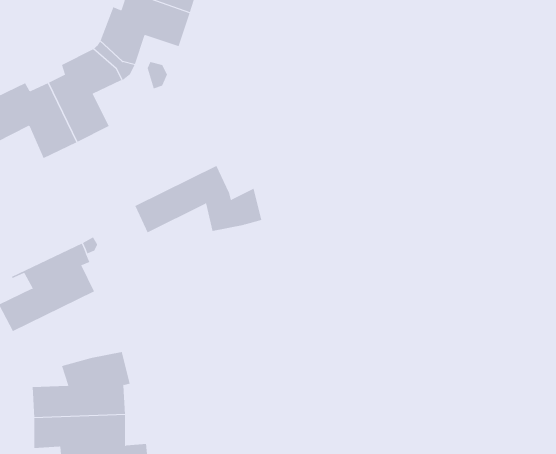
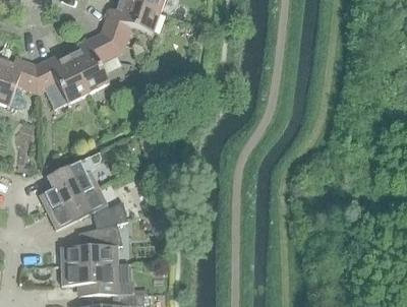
building: [134,165,262,233] -> [47,187,127,230]

